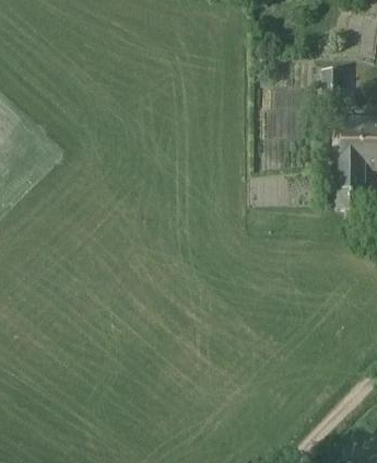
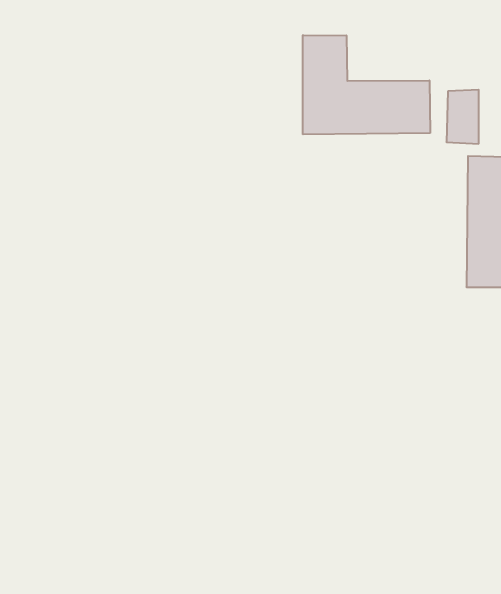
building: none -> [303,35,430,134]

